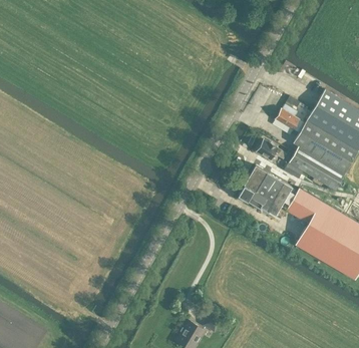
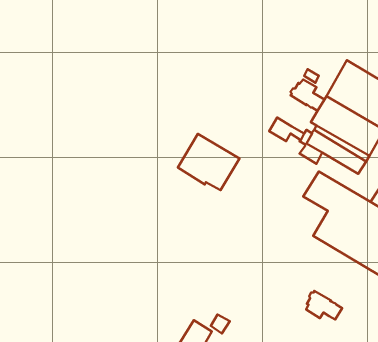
building: [238,165,293,216] -> [178,134,240,190]
building: none -> [306,291,342,320]

